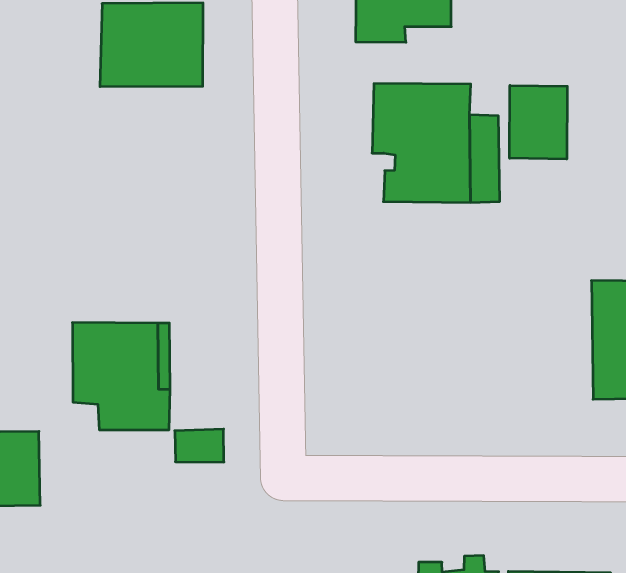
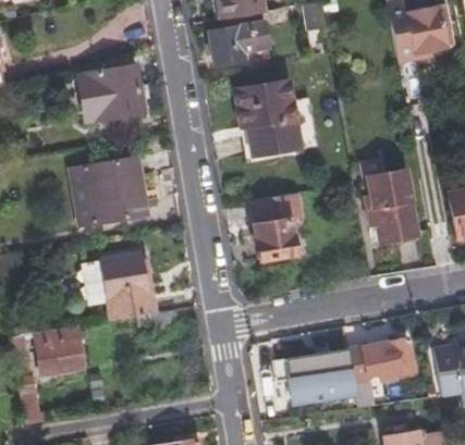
building: [510,85,567,159] -> none
building: none -> [82,151,143,218]
building: none -> [254,199,306,264]

